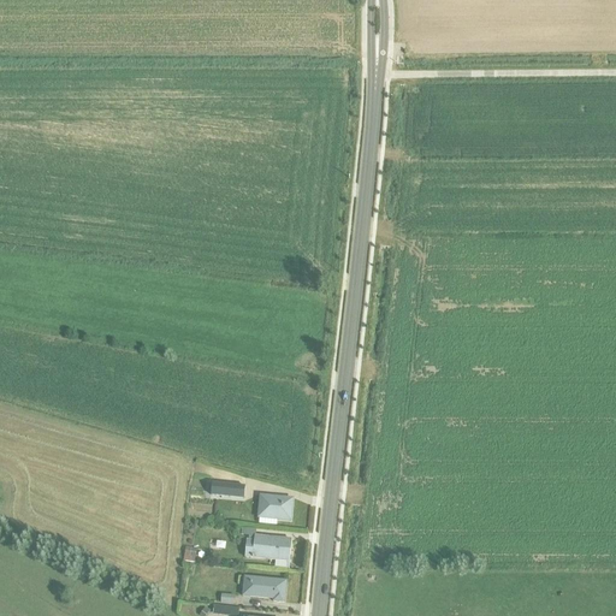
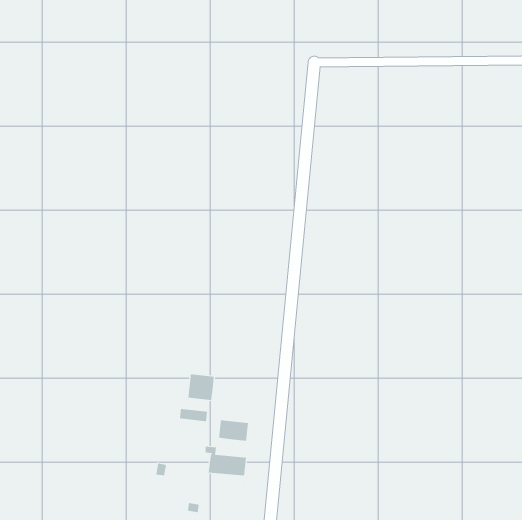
building: none -> [188,373,215,401]
building: [241,574,286,600] -> none

